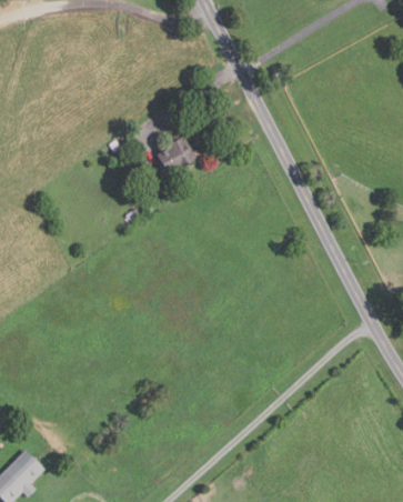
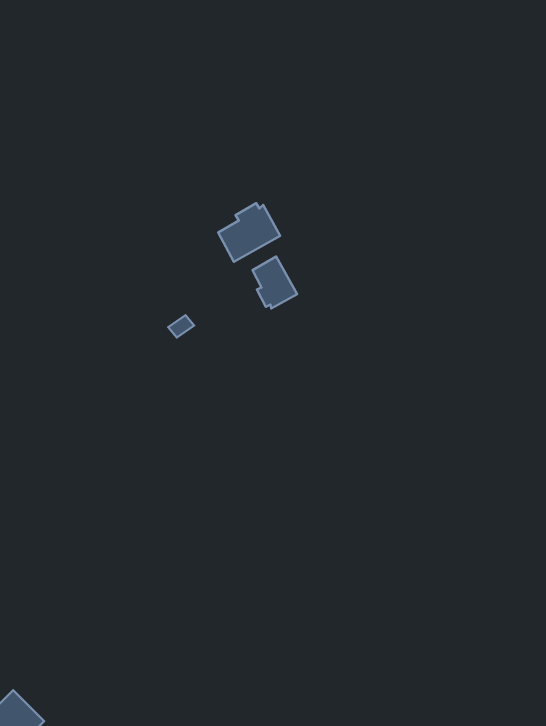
building: none -> [252,256,297,308]

